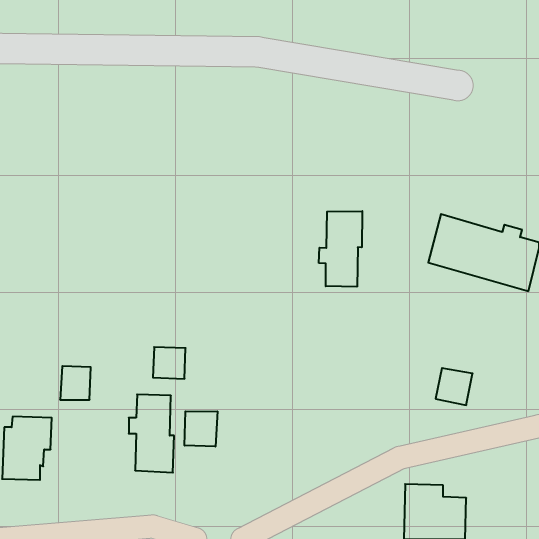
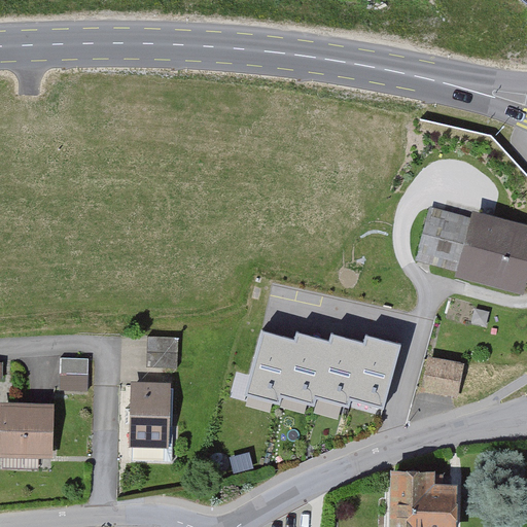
building: [319,211,362,287] -> none
building: none -> [244,326,405,406]
building: [185,411,217,447] -> none

